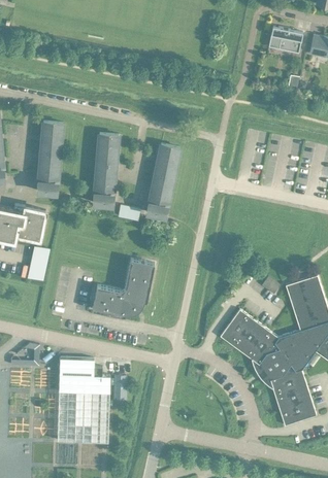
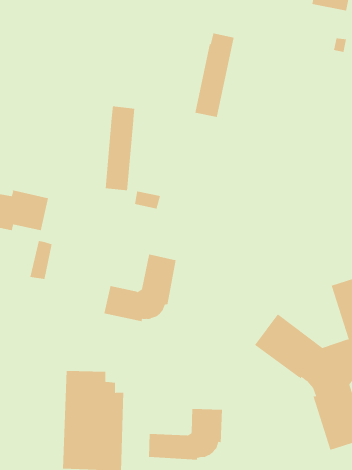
building: [37,123,62,194] -> none
building: [145,145,179,217] -> [195,33,235,118]
building: none -> [148,408,222,460]

